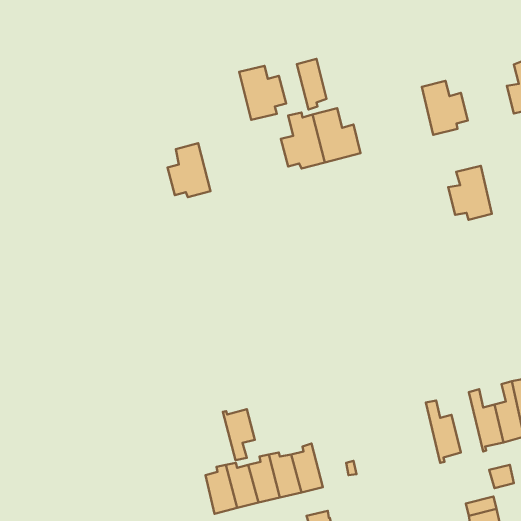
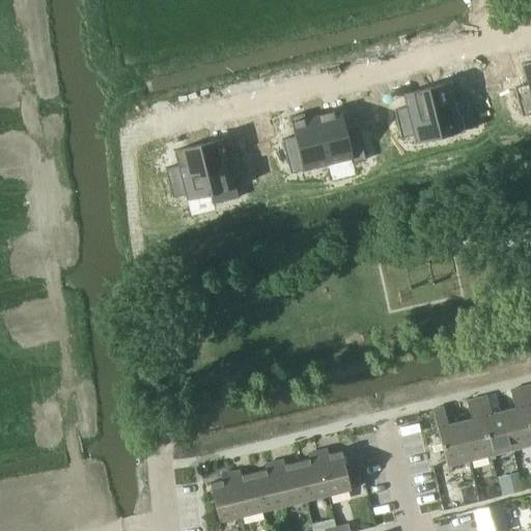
building: [297,59,326,110] -> none
building: [239,66,286,120] -> [202,140,250,195]
building: [448,166,492,220] -> [396,89,441,144]
building: none -> [459,399,492,460]
building: [223,409,255,460] -> none
building: none -> [317,449,351,496]

